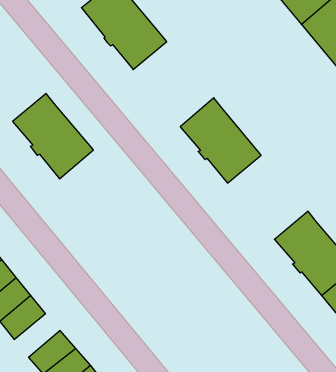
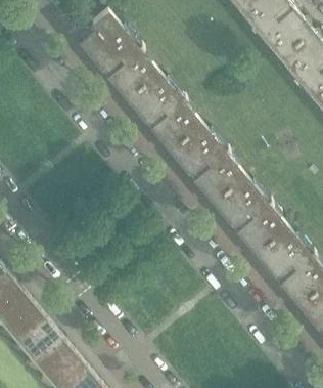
building: [13,94,93,179] -> [127,72,200,149]
building: none -> [213,175,286,252]
building: none -> [18,319,60,359]

